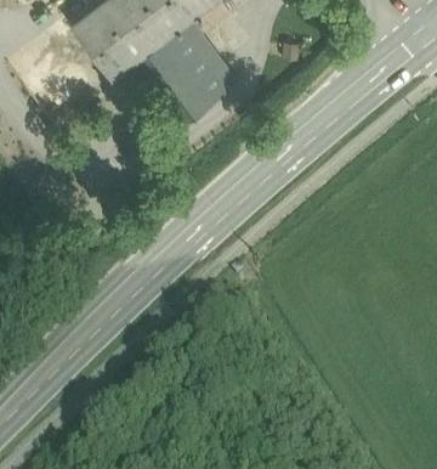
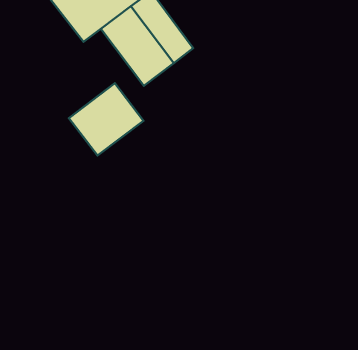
building: none -> [69,83,144,156]

